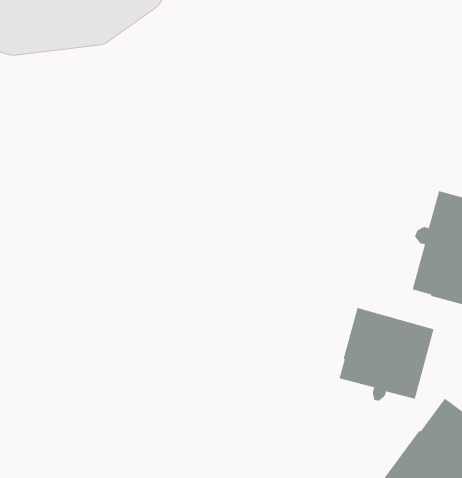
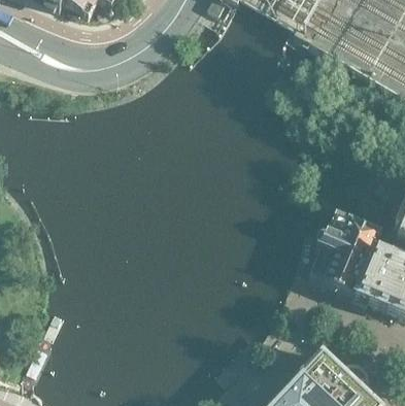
building: [339,307,434,401] -> none

